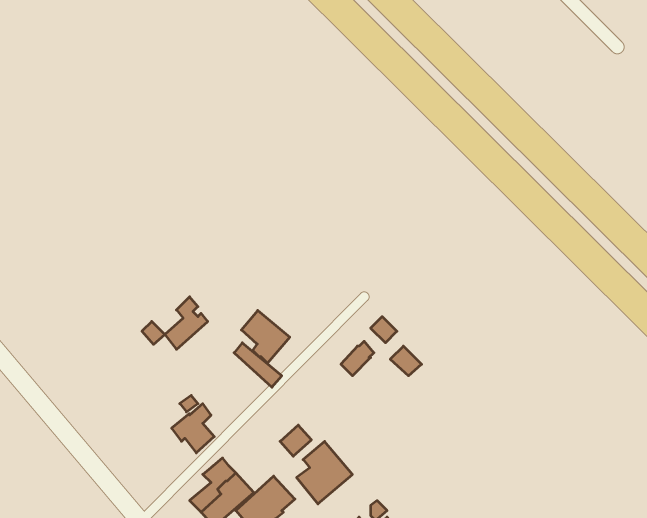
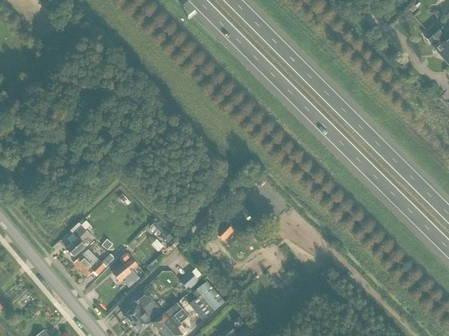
building: [165,297,208,349] -> [66,224,92,256]
building: [241,310,290,363] -> none
building: none -> [74,251,113,275]

